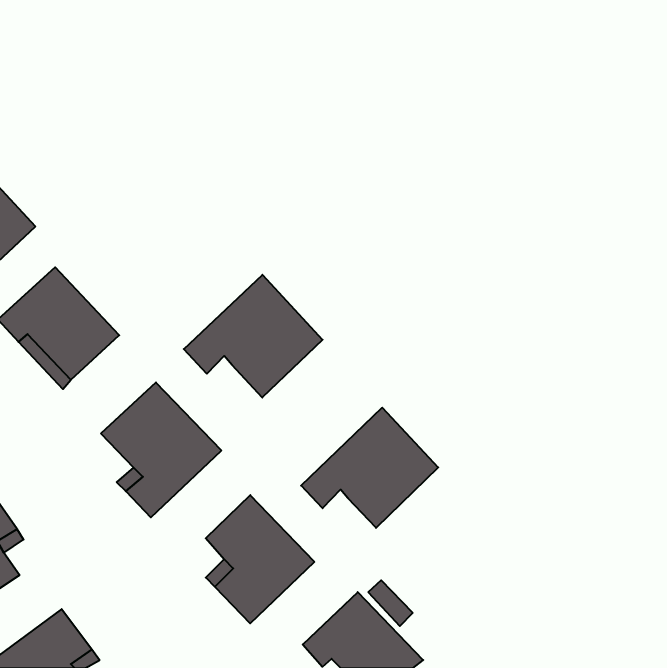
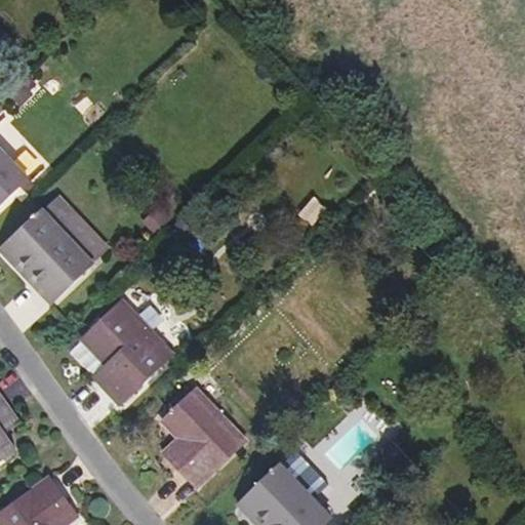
building: none -> [43,194,110,262]
building: [184,275,323,398] -> none
building: [301,408,438,528] -> none

